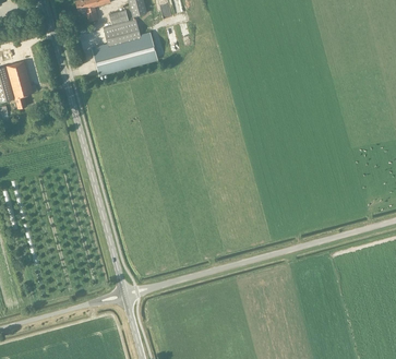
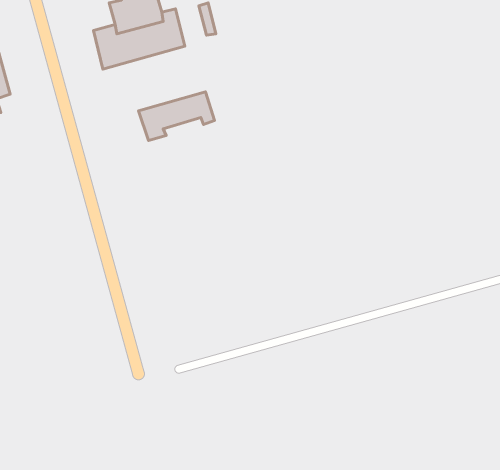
building: none -> [139,92,215,141]

